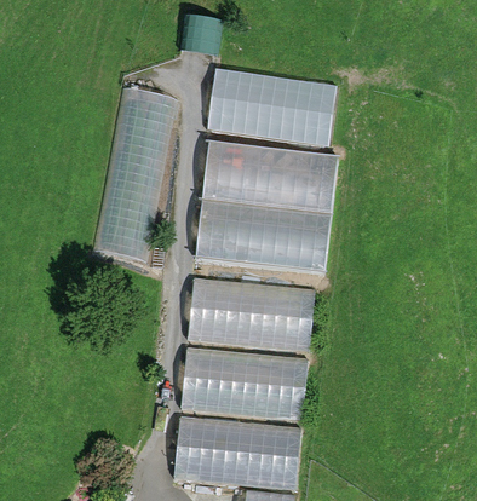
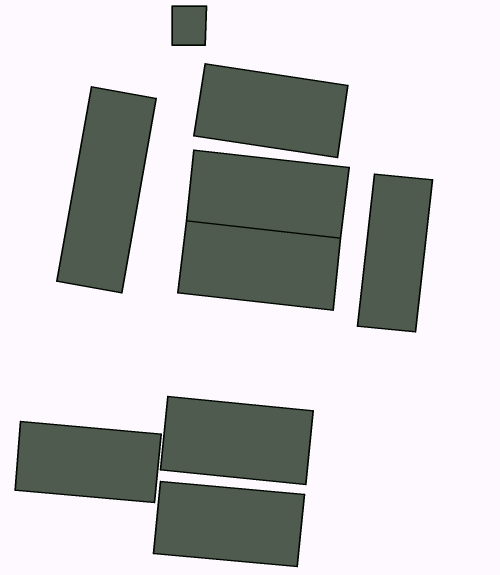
building: none -> [358,174,432,332]
building: [188,278,316,352] -> none
building: none -> [15,421,161,503]

